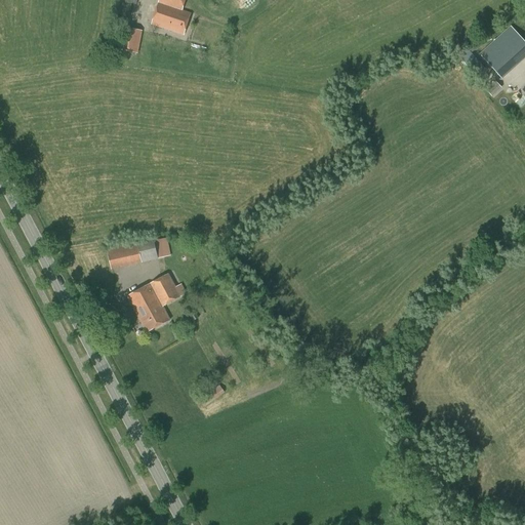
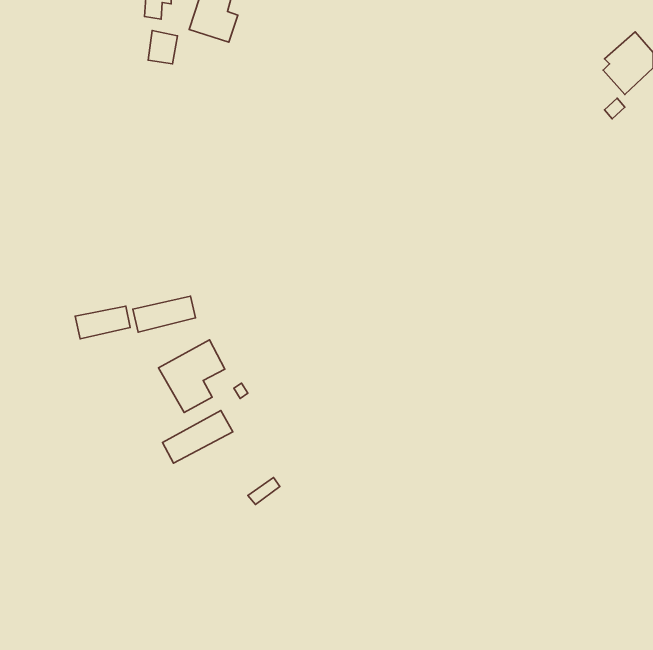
building: none -> [75,306,130,339]
building: none -> [163,411,233,463]

